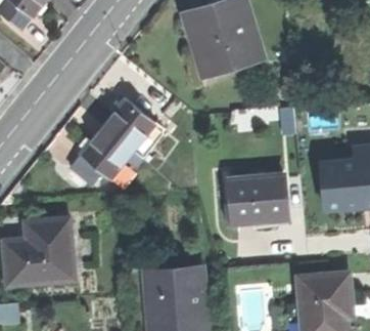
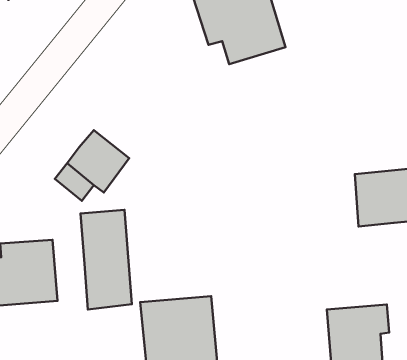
building: [103,98,155,151] -> none
building: [228,175,284,221] -> none
building: none -> [80,210,132,309]

